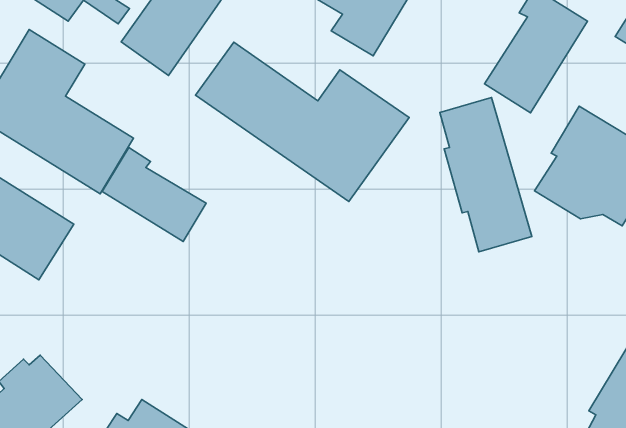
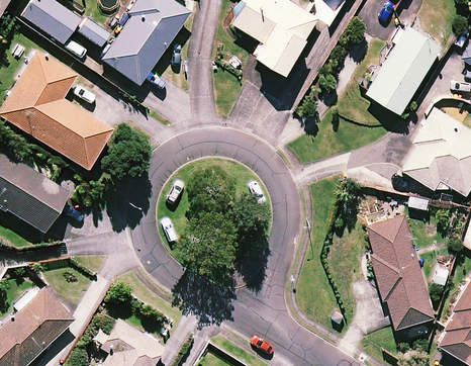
building: [196,42,409,202] -> none
building: [440,97,532,252] -> [368,214,435,327]
building: [102,148,206,241] -> none

